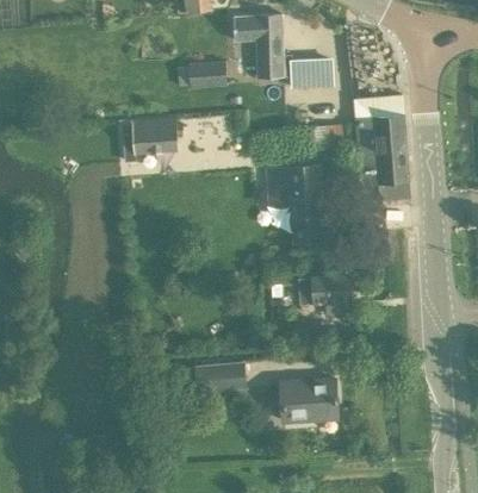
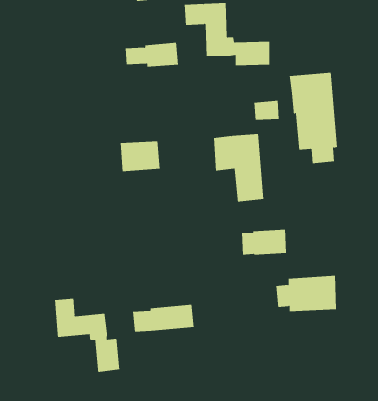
building: [132,120,179,156] -> [120,141,160,172]
building: none -> [55,298,120,373]
building: [267,380,337,422] -> [275,275,337,312]

